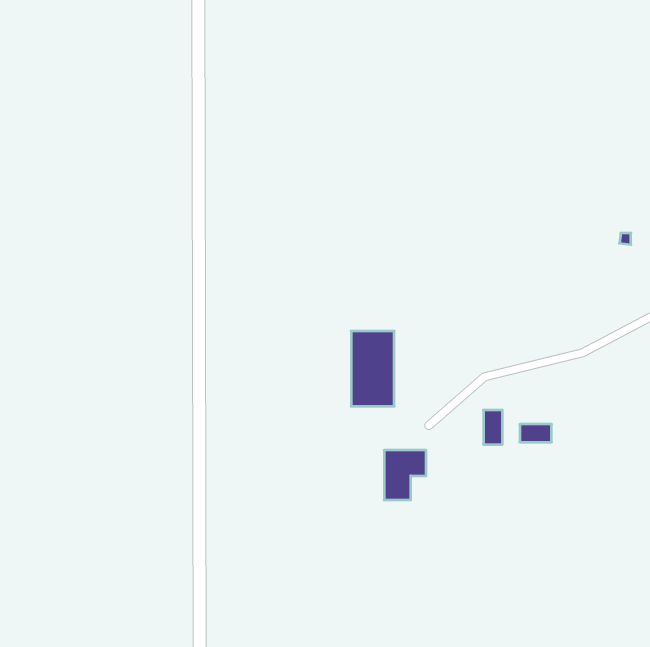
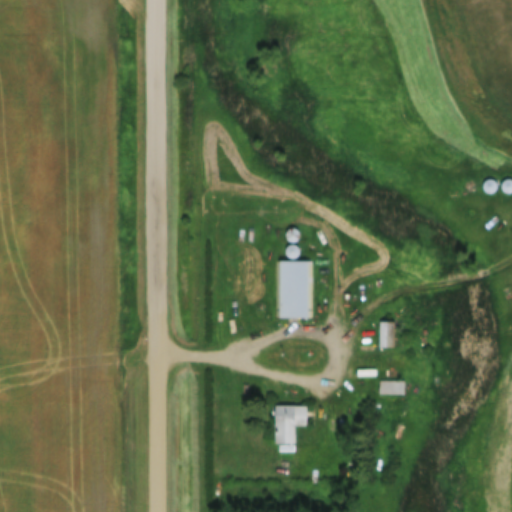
building: [520,424,552,442] -> [380,381,405,395]
building: [384,450,426,500] -> [276,406,309,445]

